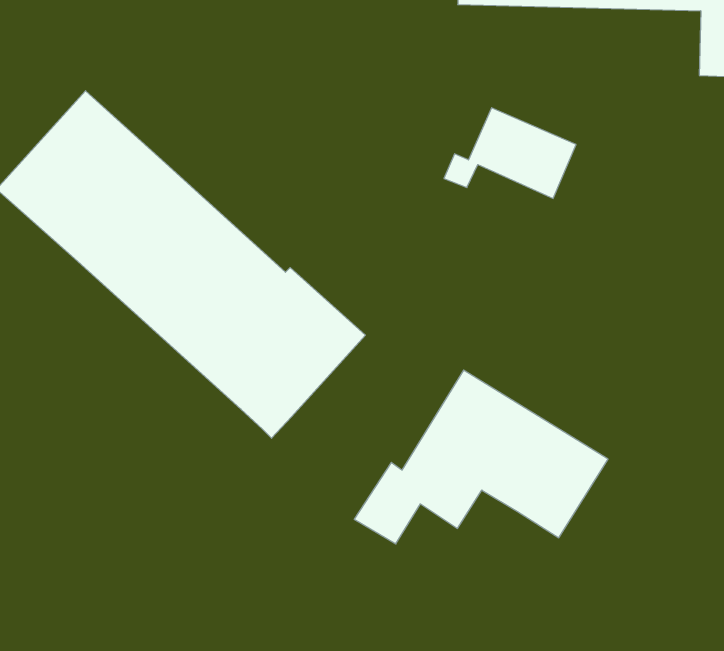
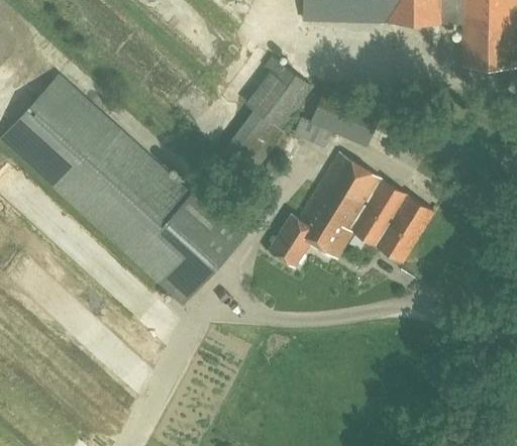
building: none -> [217,55,312,181]
building: [354,370,608,544] -> [268,152,434,266]

